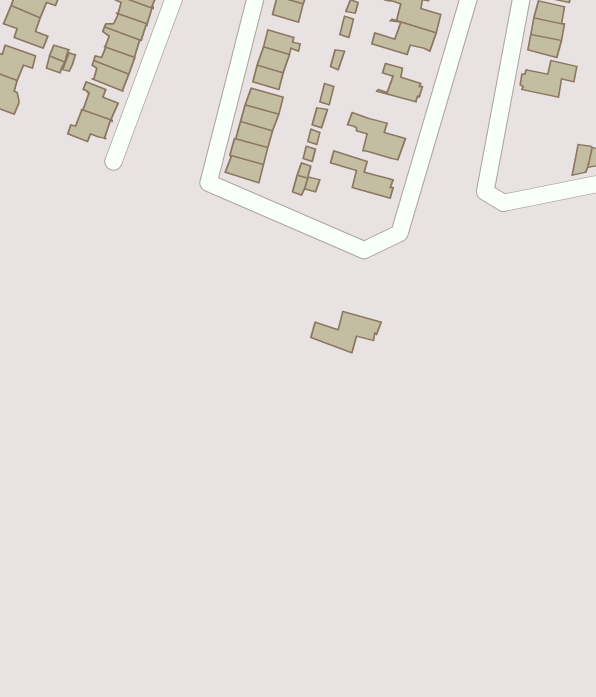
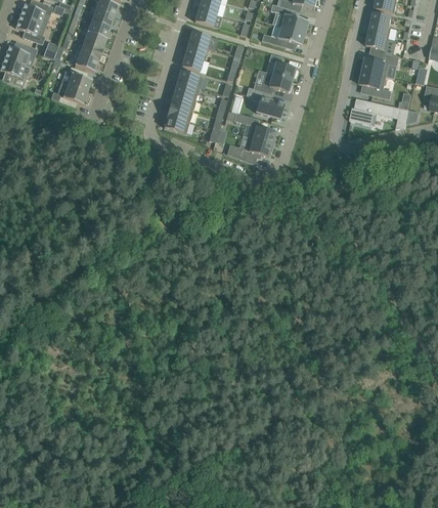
building: none -> [358,71,392,98]
building: none -> [260,72,292,93]
building: none -> [349,100,393,125]
building: [311,312,381,353] -> [227,136,274,164]

